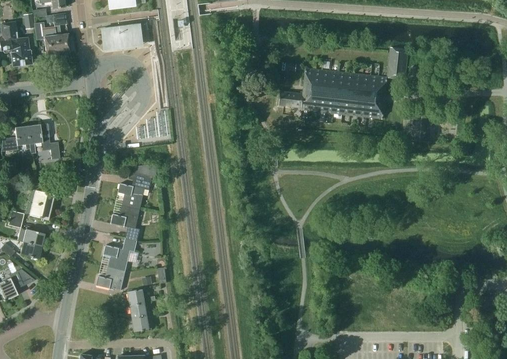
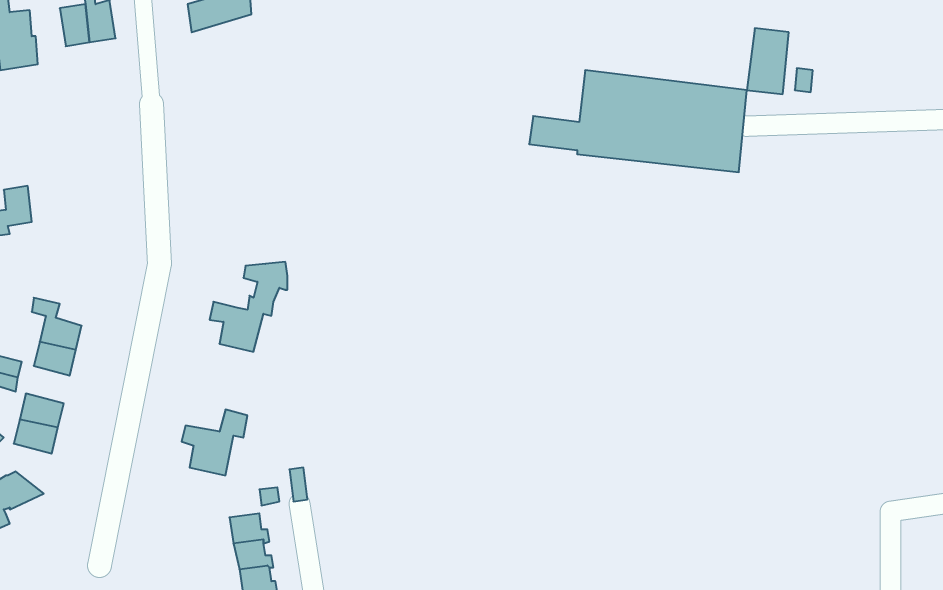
building: [26,123,60,158] -> none
building: [110,204,139,240] -> none
building: [96,266,125,289] -> none

